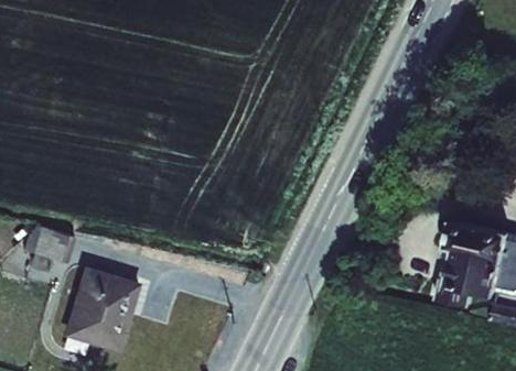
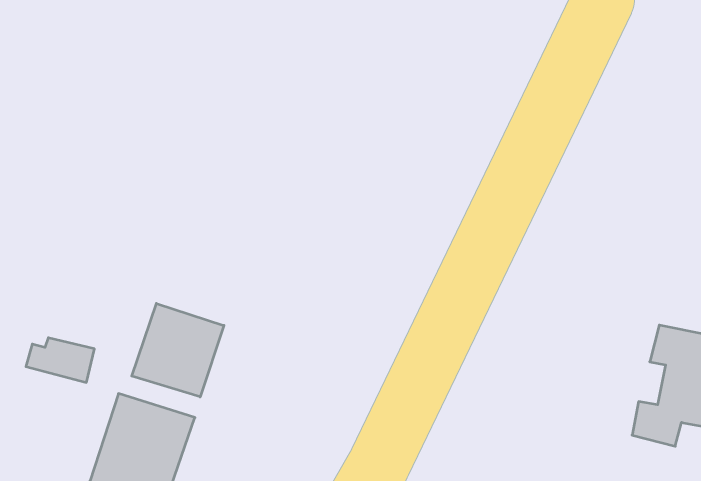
building: none -> [132,303,224,397]

